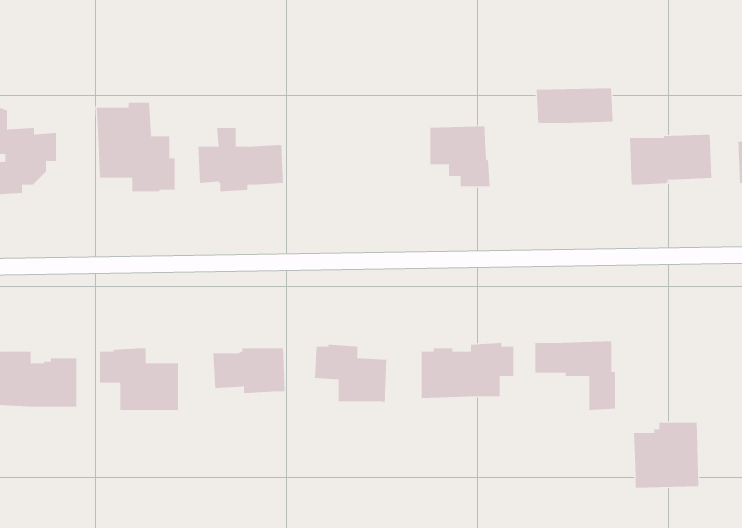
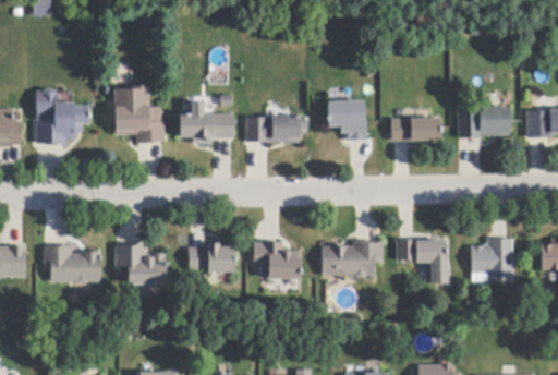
building: [536,88,614,123] -> [391,117,441,140]
building: none -> [245,116,306,142]
building: [633,422,699,488] -> [471,239,513,281]

